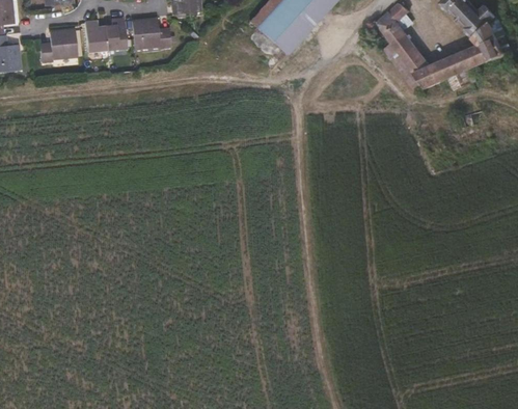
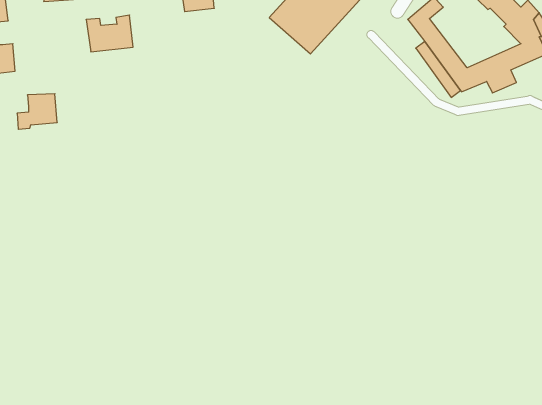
building: [133,18,172,48] -> none
building: [39,36,76,69] -> [17,94,57,129]

